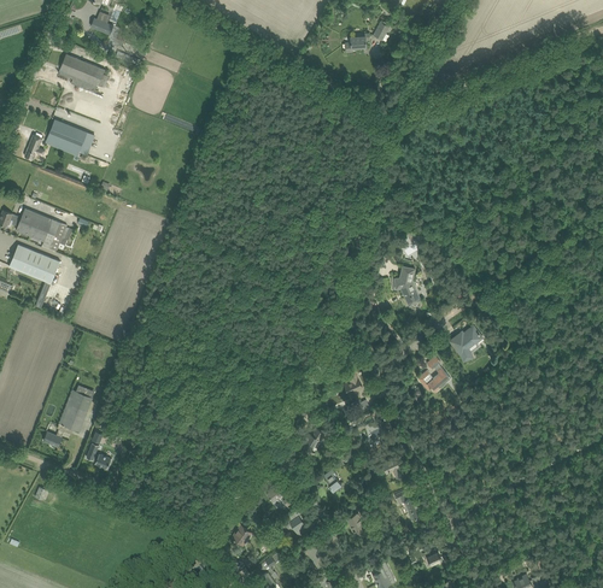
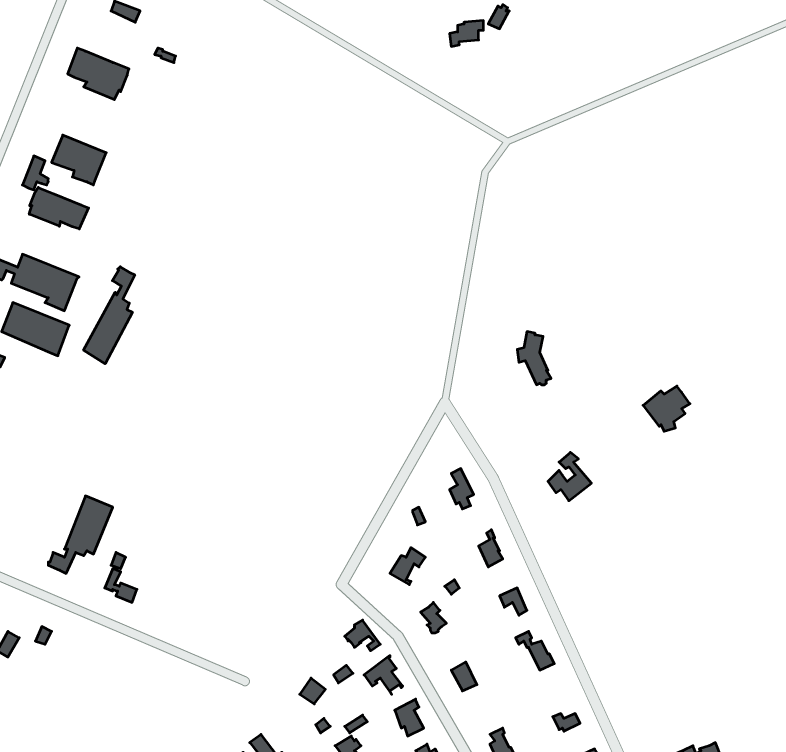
building: none -> [29,187,89,229]
building: none -> [84,267,135,364]
building: [447,327,482,360] -> [643,386,690,431]

